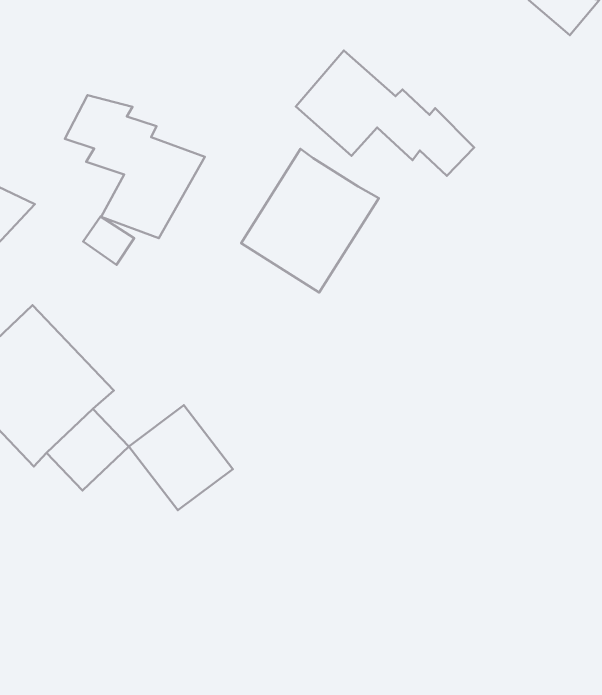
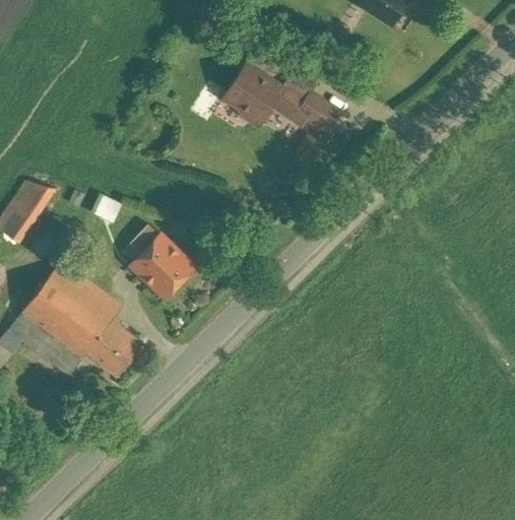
building: [65,95,205,238] -> none
building: [241,149,379,292] -> none
building: [129,405,233,510] -> [125,229,196,299]

